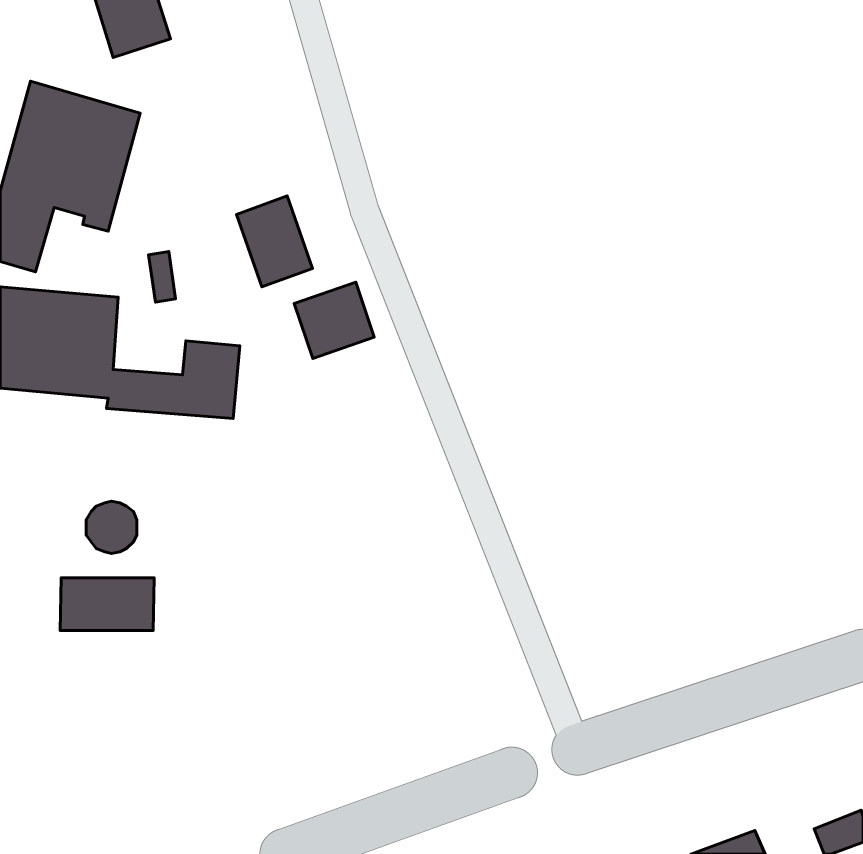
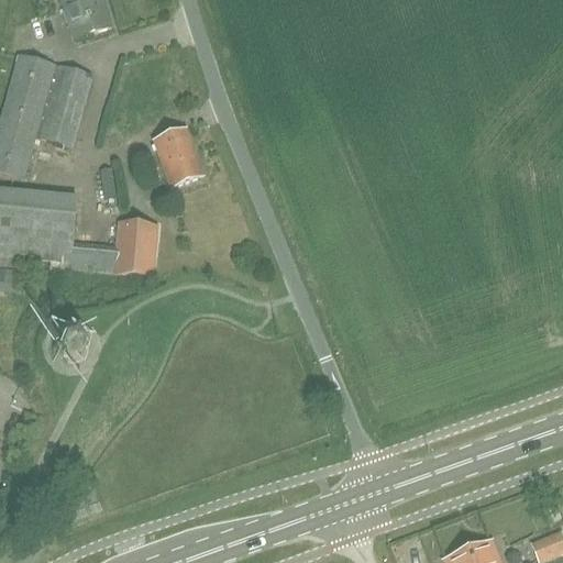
building: [294,282,374,359] -> none
building: [60,578,154,631] -> none

